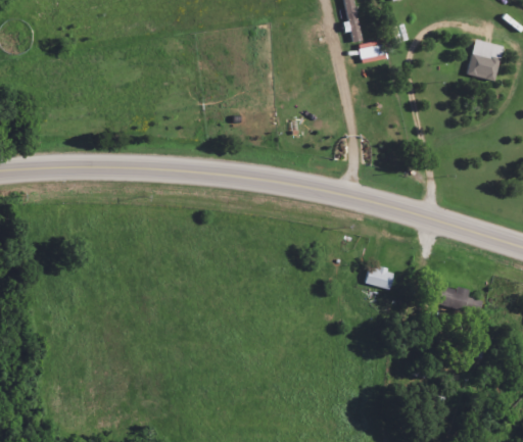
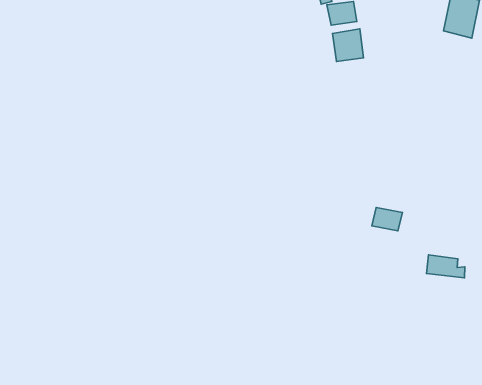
building: none -> [332,29,364,62]
building: [366,265,395,289] -> [372,207,402,231]

